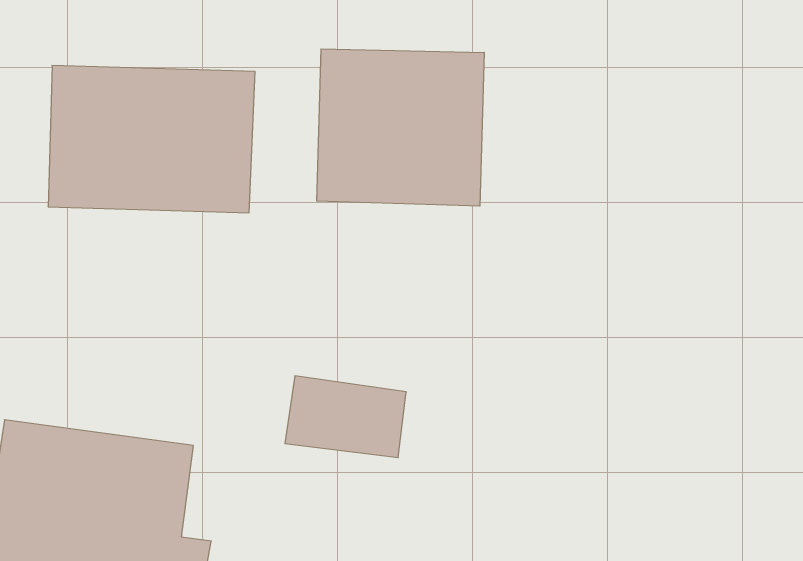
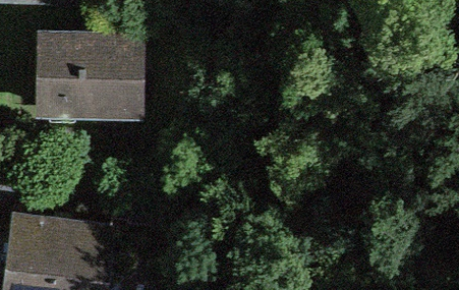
building: [317,49,484,206] -> none

